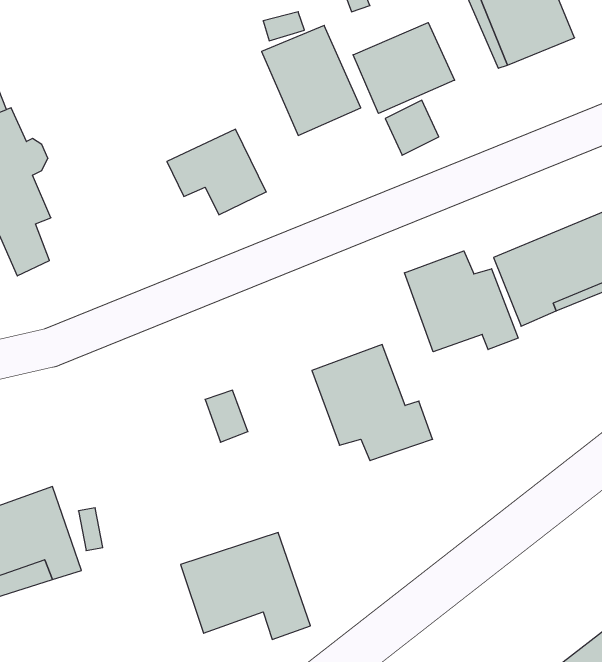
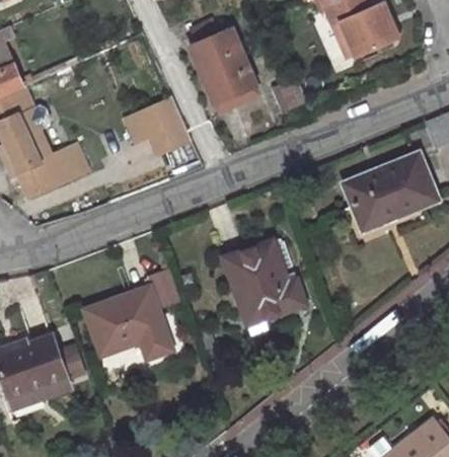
building: [353,23,455,113] -> none
building: none -> [40,145,87,185]
building: [404,251,518,352] -> none
building: [181,533,310,639] -> [85,288,171,359]

